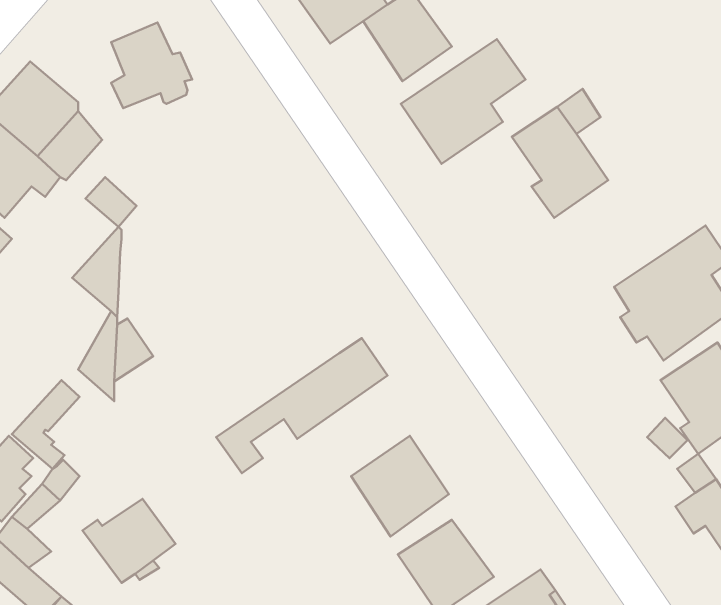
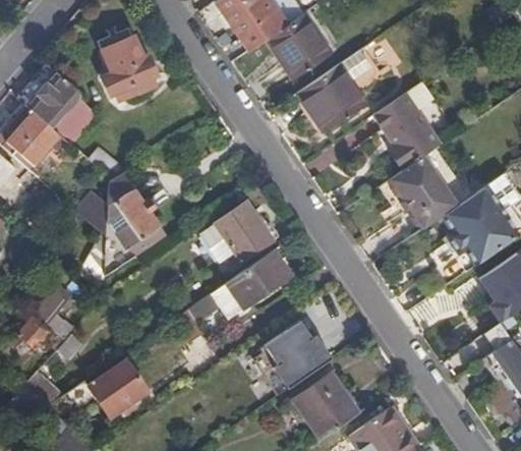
building: none -> [389,139,479,223]
building: none -> [107,172,158,248]
building: none -> [201,202,278,262]

